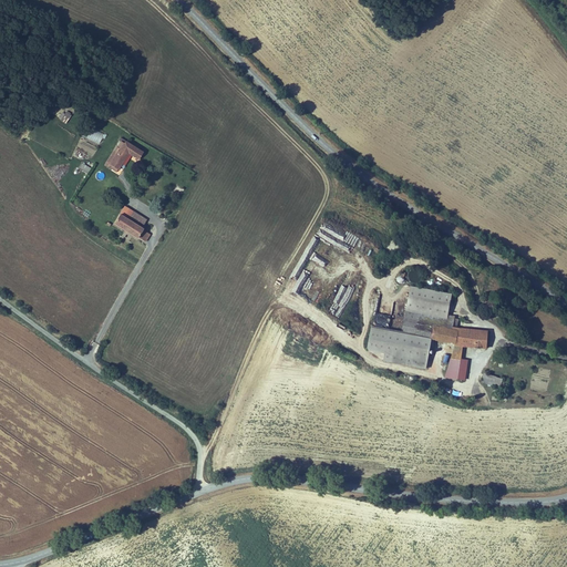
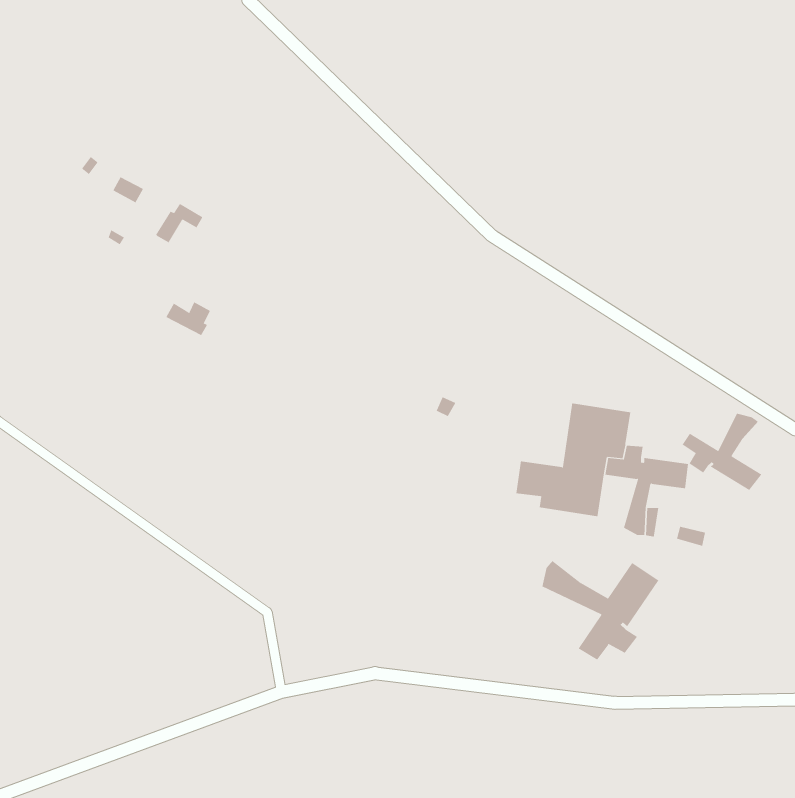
building: none -> [682,413,762,491]
building: none -> [542,560,659,660]

